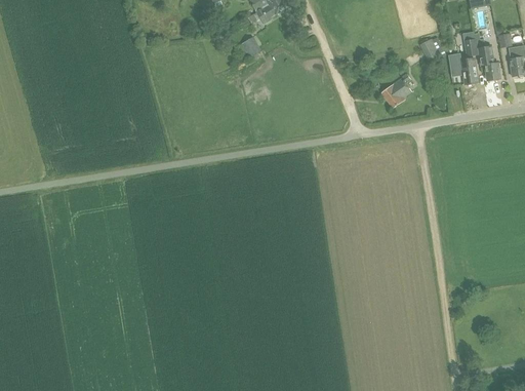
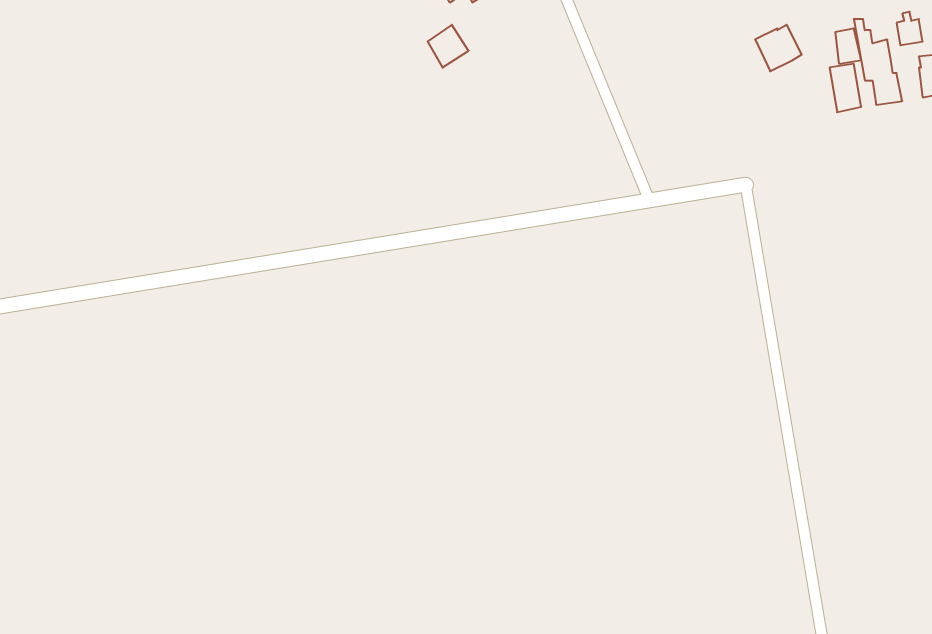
building: [381,73,412,108] -> none

